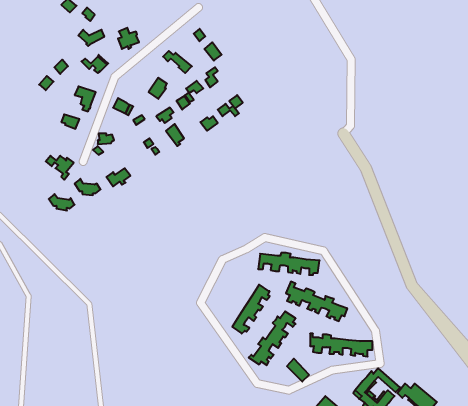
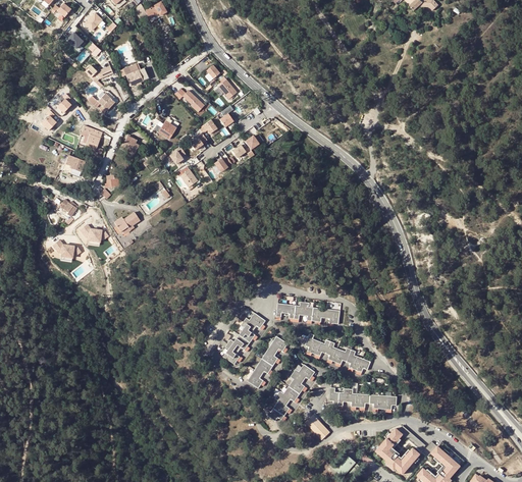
building: none -> [223,313,265,364]

